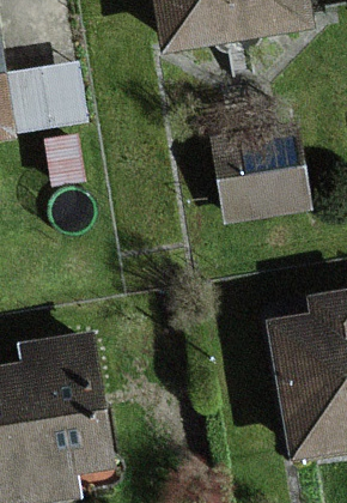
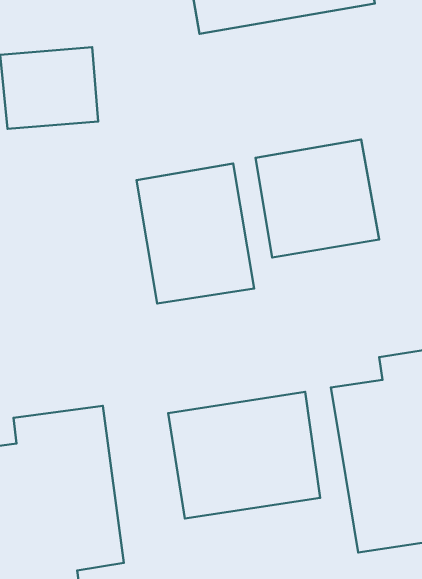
building: none -> [137,164,254,304]
building: none -> [168,392,320,518]

